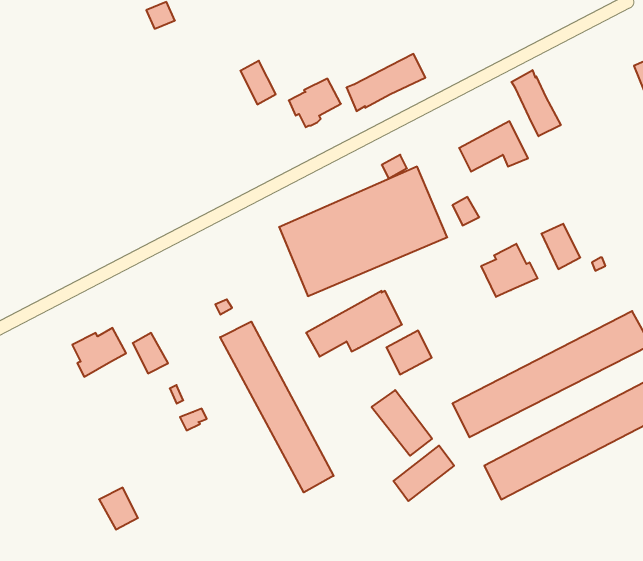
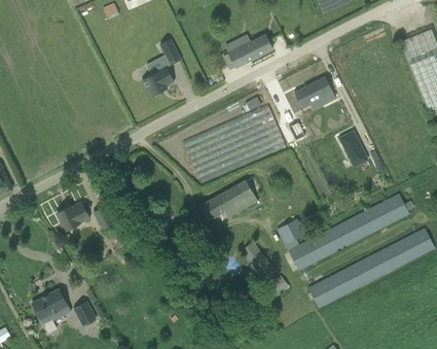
building: [511,70,561,136] -> none
building: [289,79,341,127] -> [142,67,174,97]
building: [481,244,538,297] -> none
building: [220,322,334,492] -> none
building: [386,331,432,374] -> [278,217,305,244]
building: none -> [31,287,71,324]

